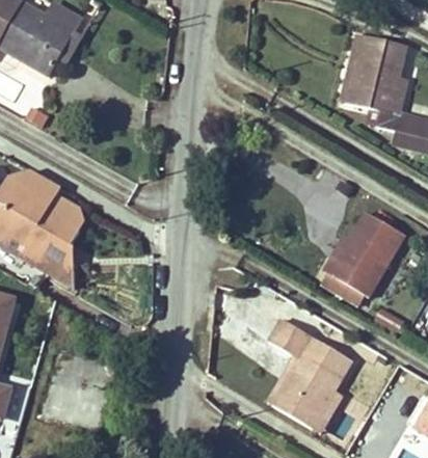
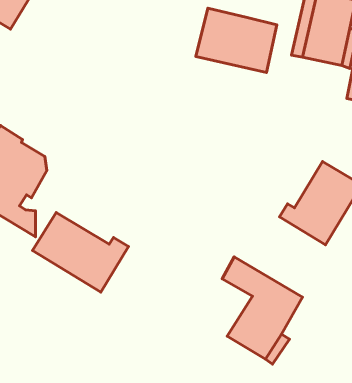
building: none -> [196,8,277,72]
building: none -> [33,212,128,292]

